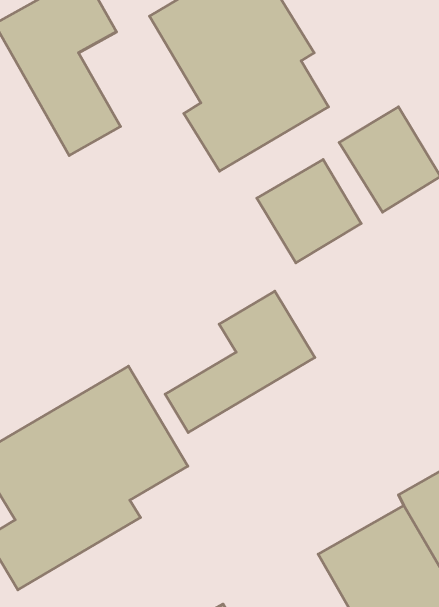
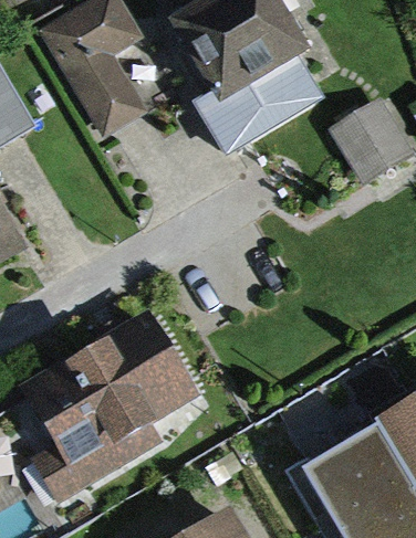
building: [257,160,361,263] -> none
building: [165,291,315,432] -> none

